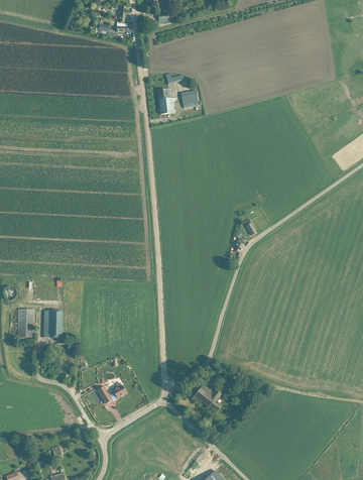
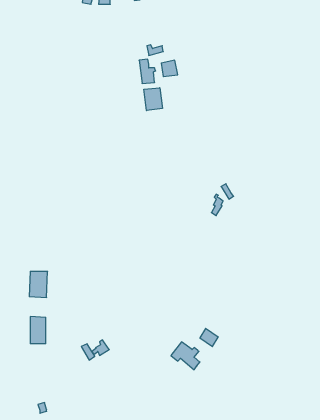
building: none -> [144,88,162,111]
building: [17,309,33,337] -> [30,317,46,344]

